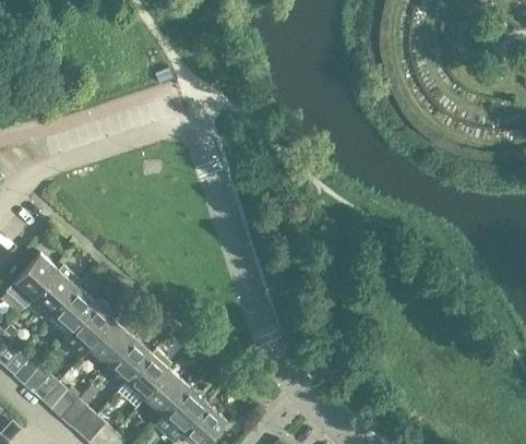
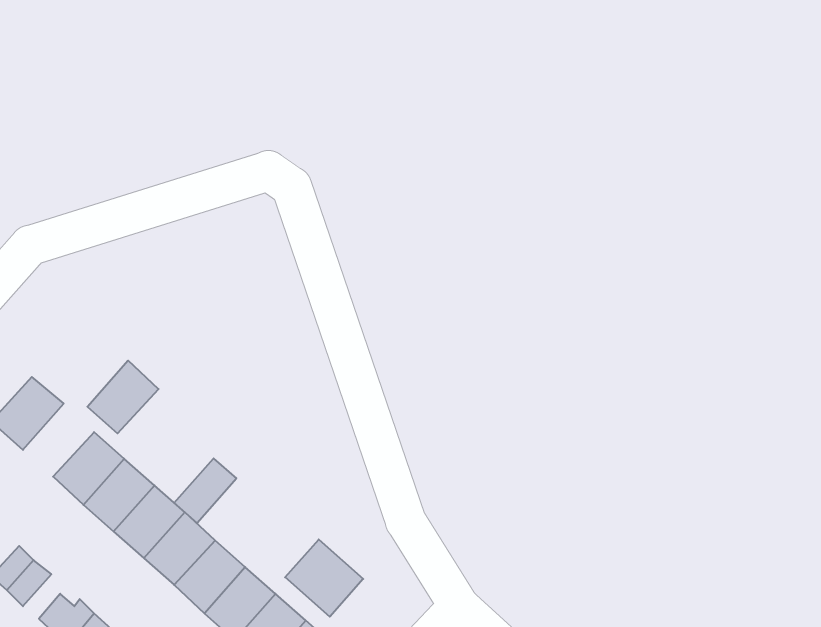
building: [33,269,76,314] -> [87,361,159,433]
building: none -> [174,458,236,523]
building: none -> [285,539,363,617]

